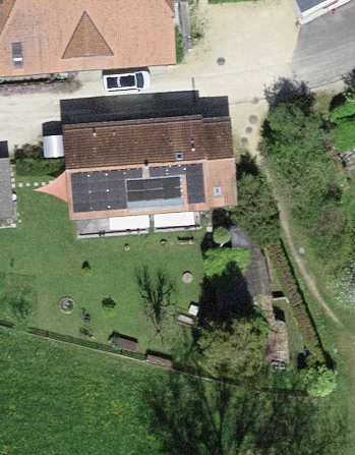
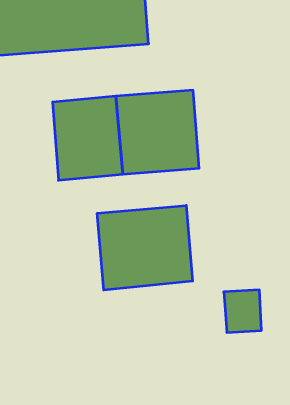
building: none -> [97,205,193,290]

